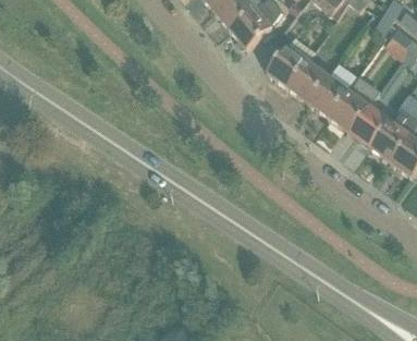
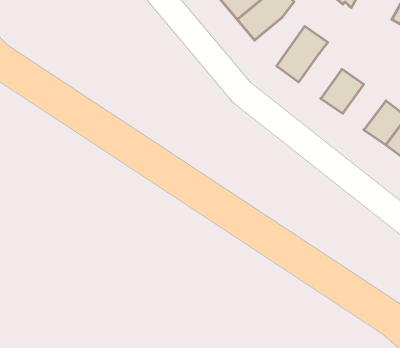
building: [289,60,329,102] -> none
building: [330,77,379,132] -> none

